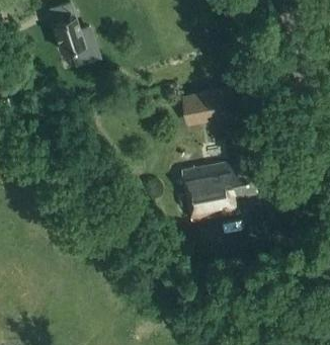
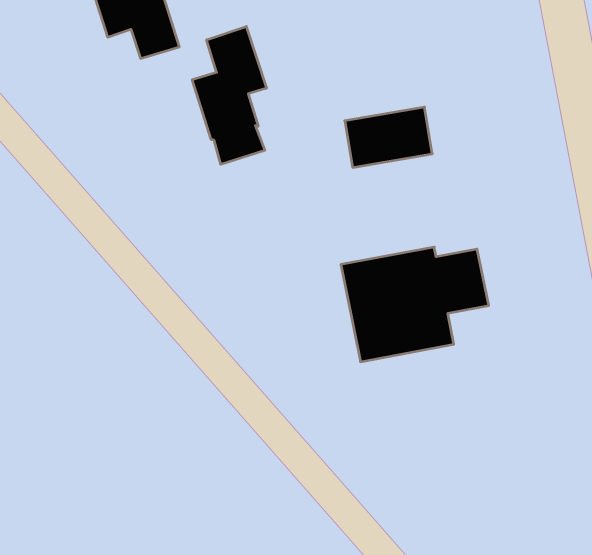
building: none -> [192,26,266,164]

